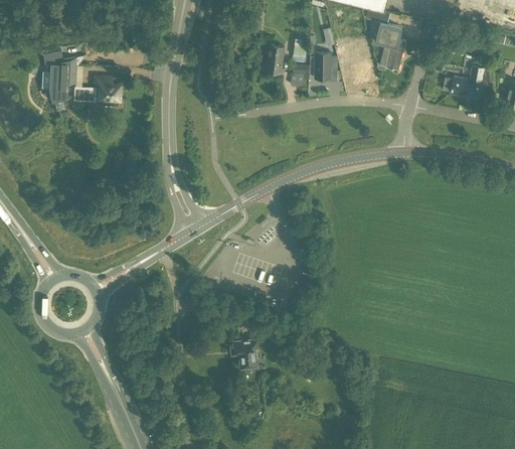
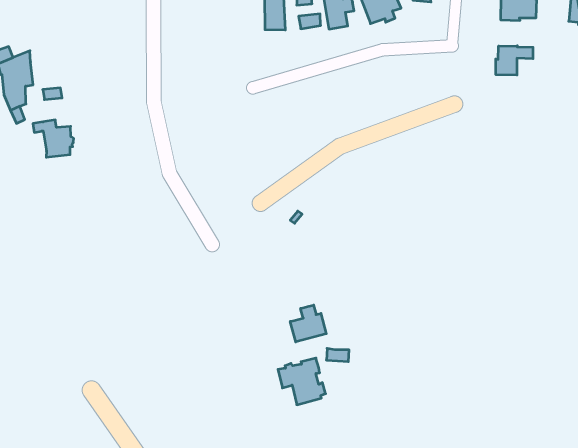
building: [91,76,121,105] -> [33,120,74,157]
building: none -> [496,46,533,75]
building: none -> [290,305,326,342]

